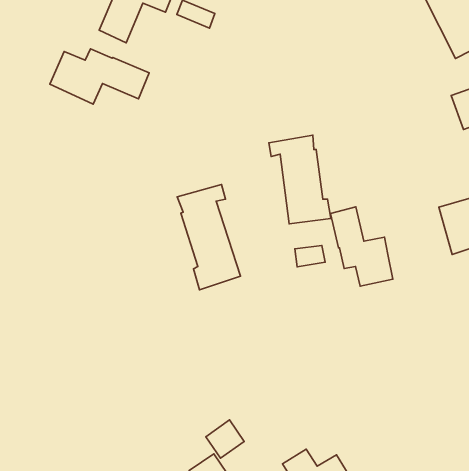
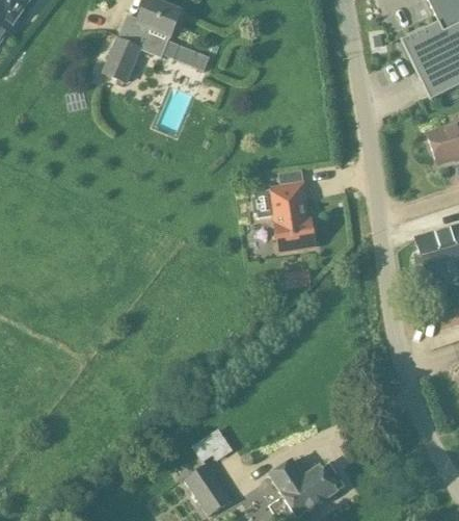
building: [50,49,149,104] -> none
building: [177,184,240,290] -> none
building: [331,207,393,286] -> none

